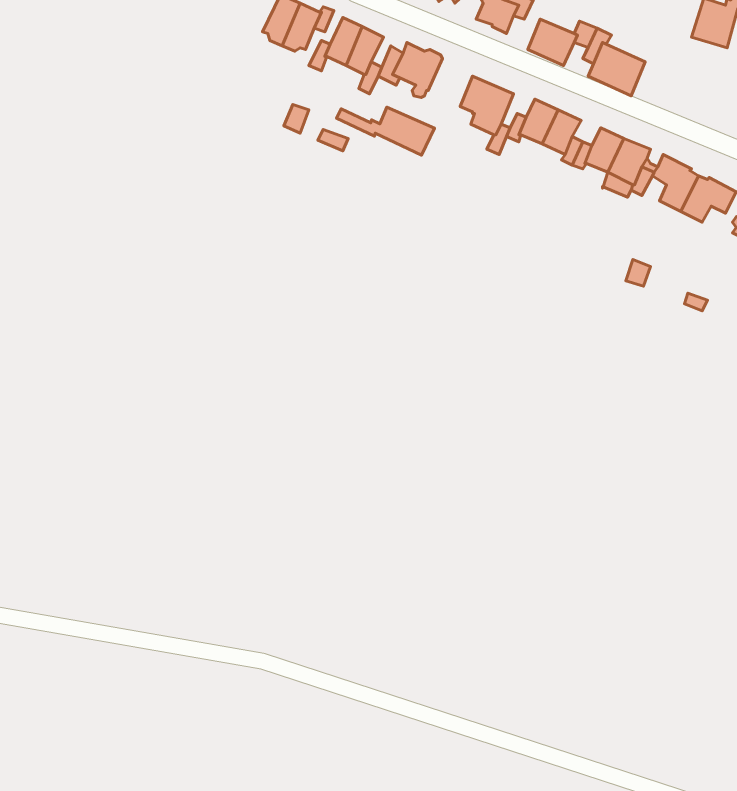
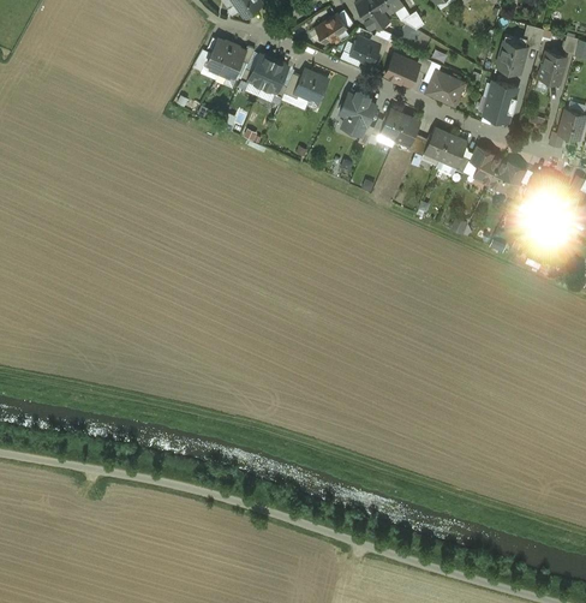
building: none -> [484,82,510,119]
building: [337,107,434,155] -> none

